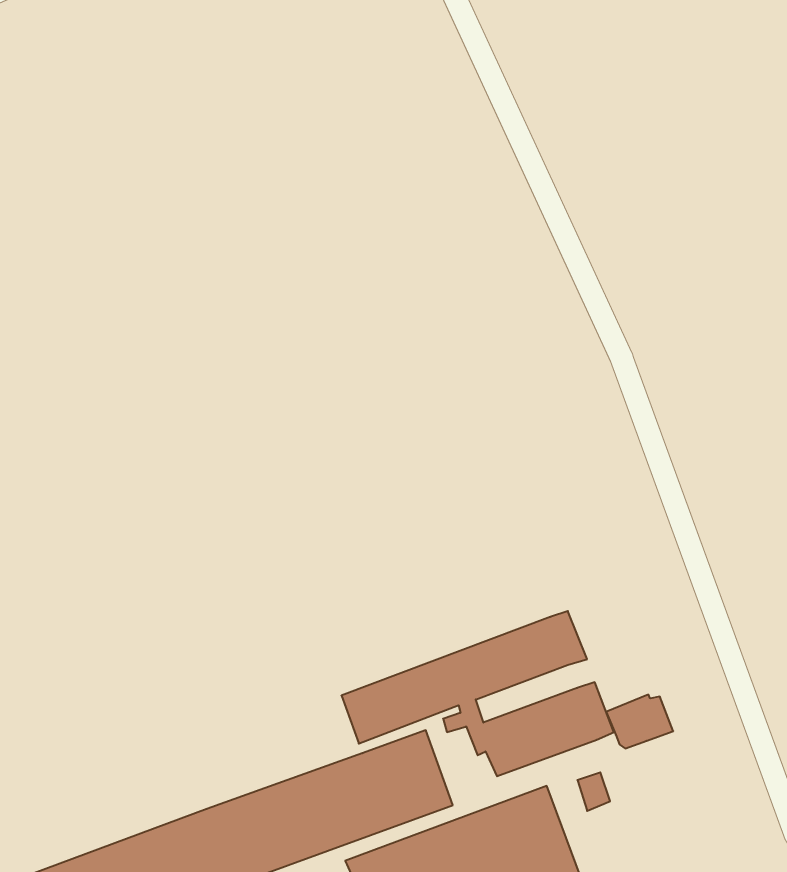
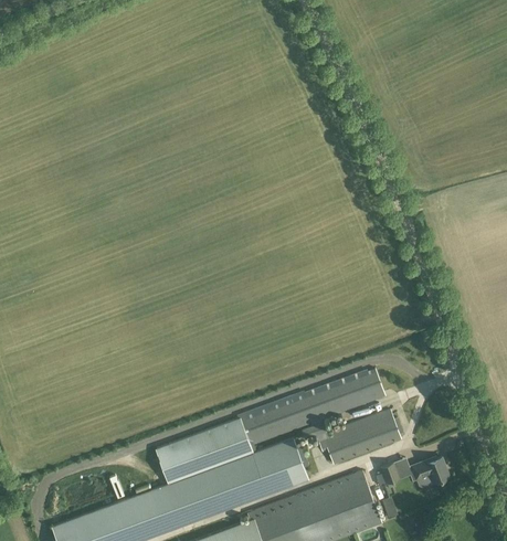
building: [606,695,673,748] -> [410,457,448,488]
building: none -> [154,418,255,484]

